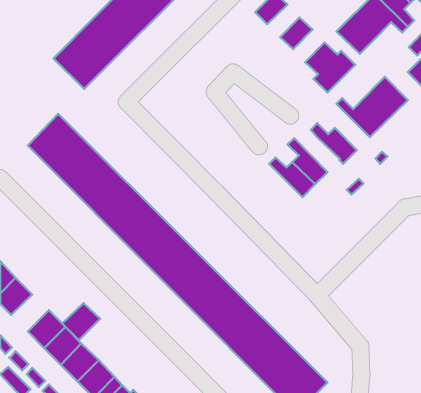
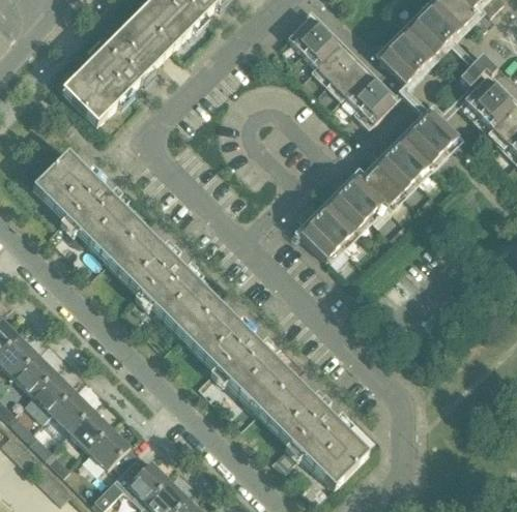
building: none -> [300,28,337,64]
building: none -> [329,56,365,92]
building: none -> [370,139,415,190]
building: none -> [331,170,382,215]
building: none -> [295,206,340,258]
building: [62,303,100,340] -> [13,352,56,393]

